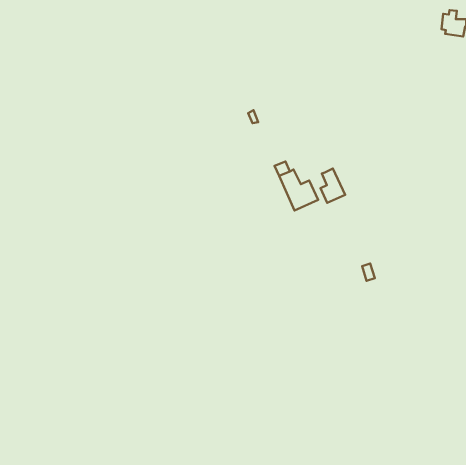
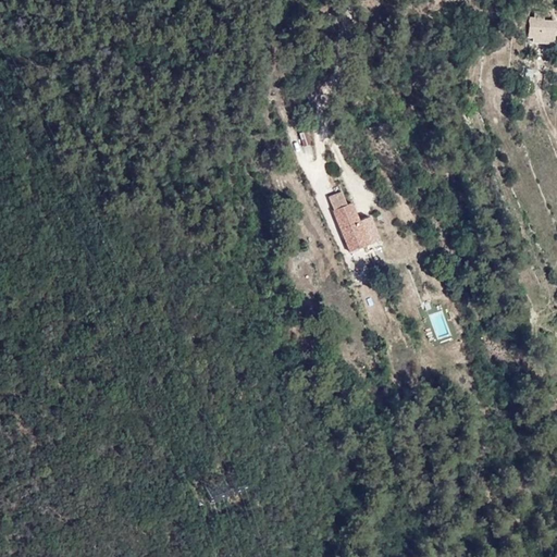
building: [321,168,345,203] -> none

